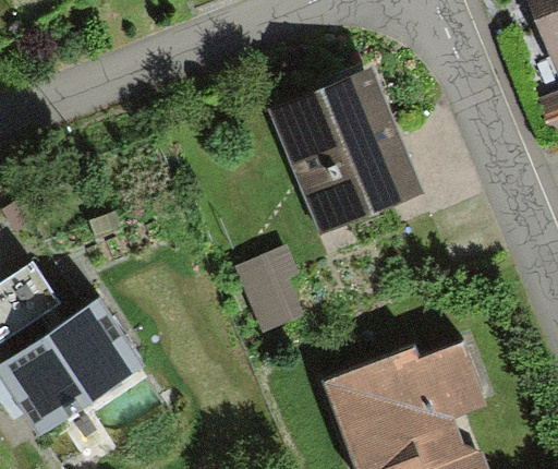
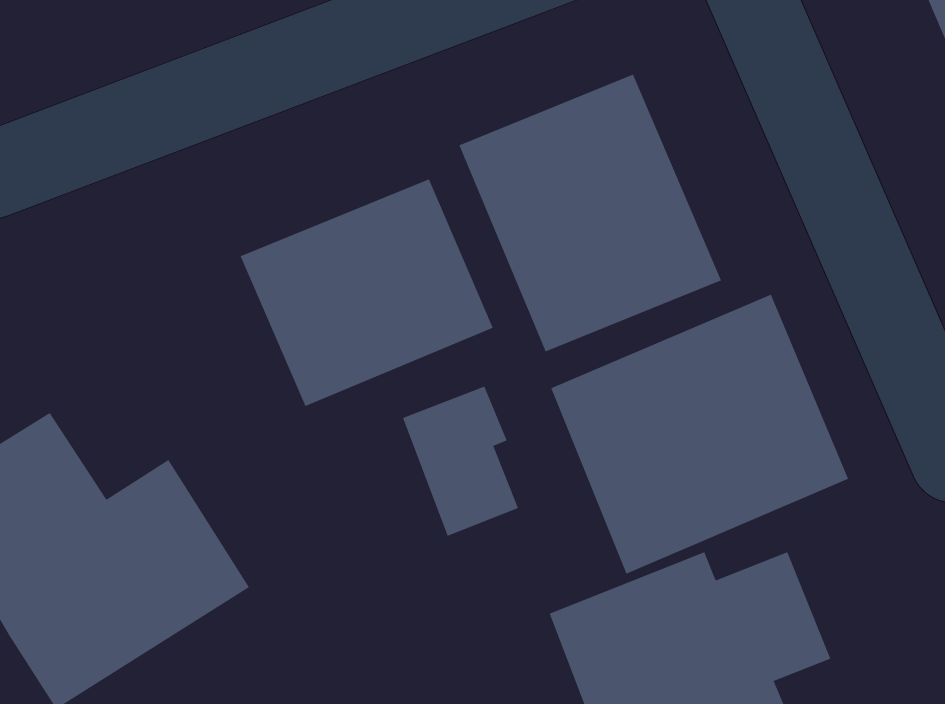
building: none -> [240,178,493,407]
building: none -> [550,294,849,574]

